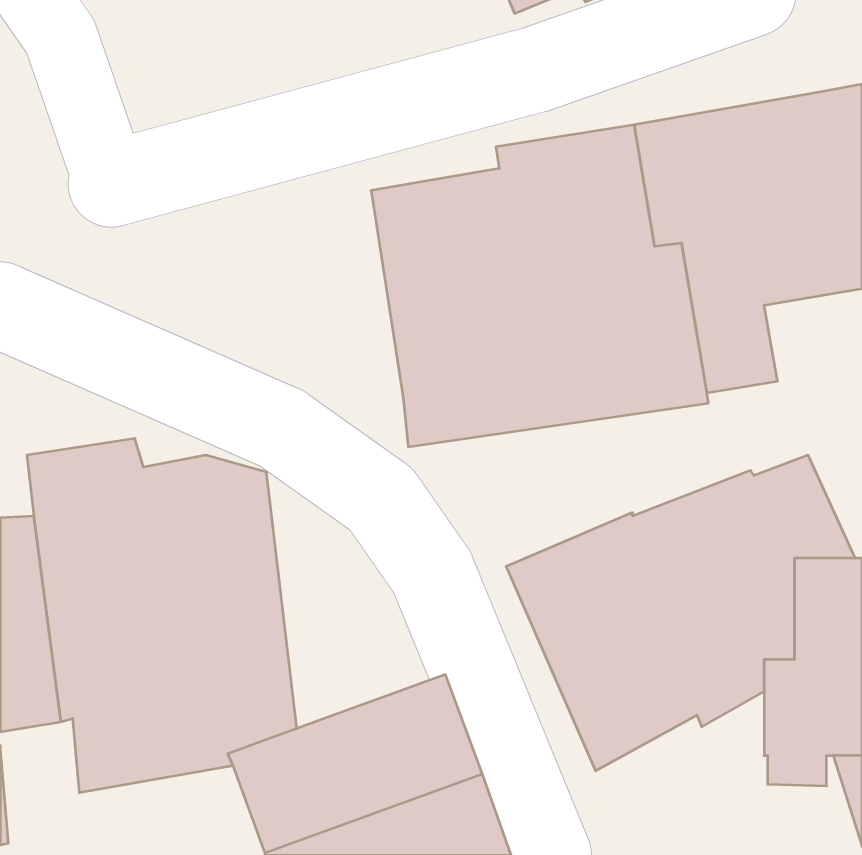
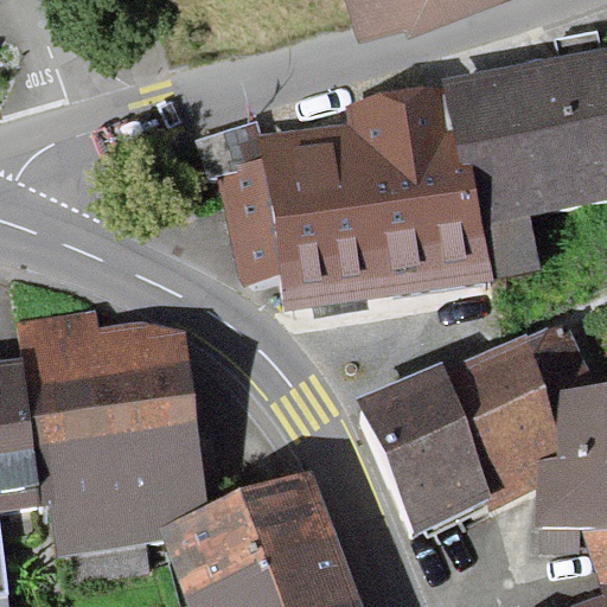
building: none -> [199,121,283,287]

